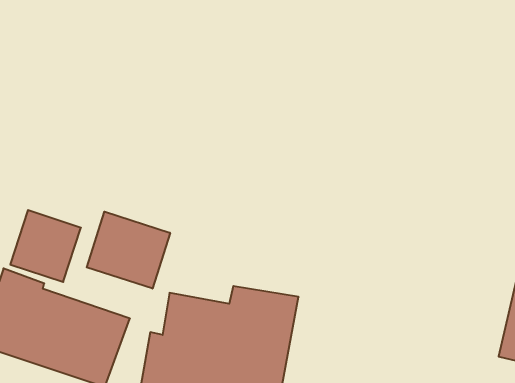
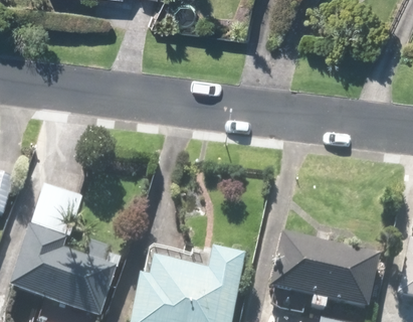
building: [87,212,170,289] -> none
building: none -> [263,237,373,311]

